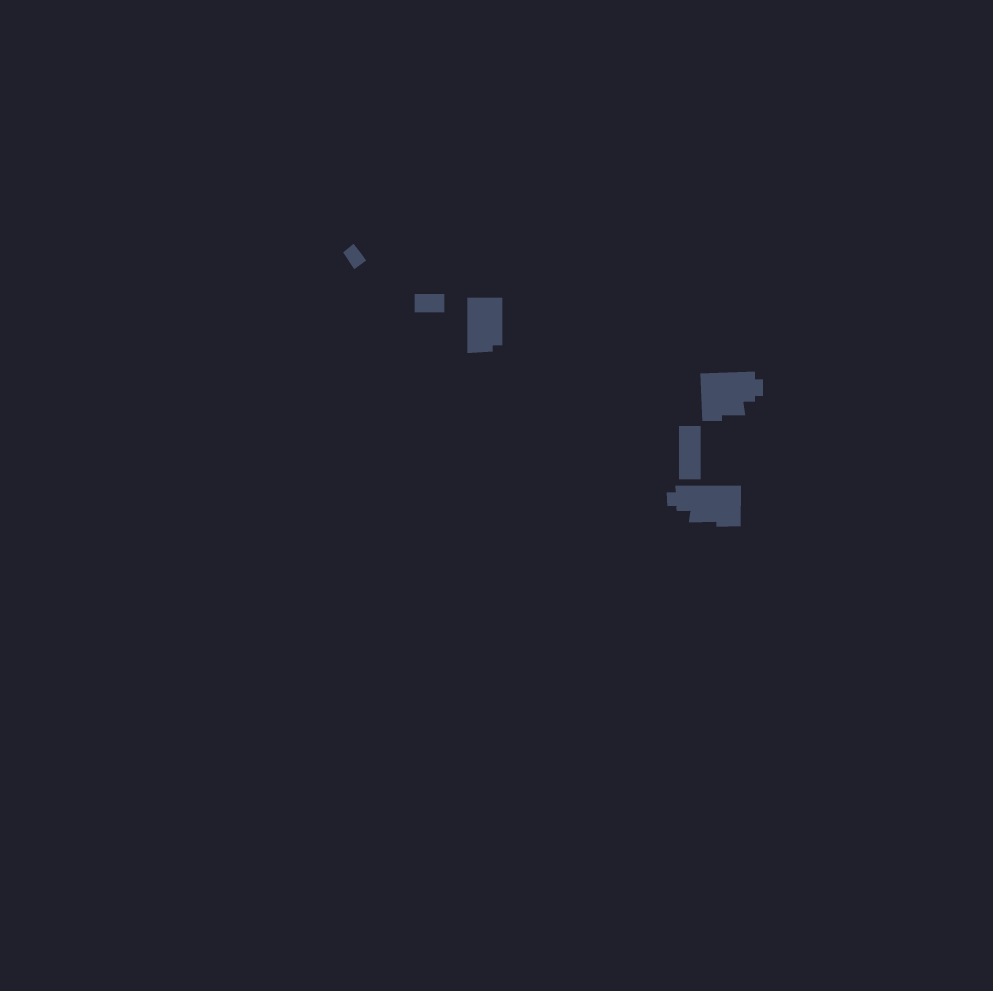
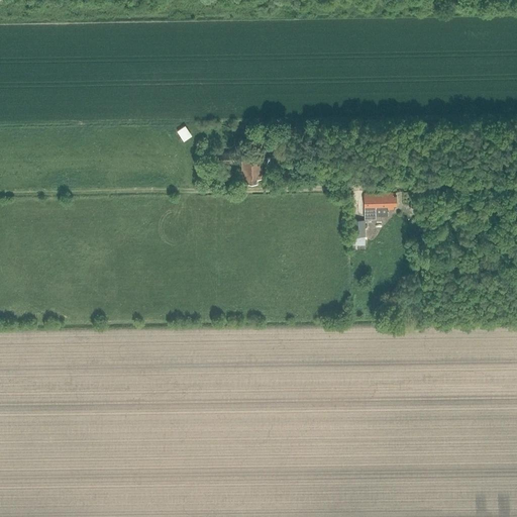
building: [666,485,742,527] -> none

